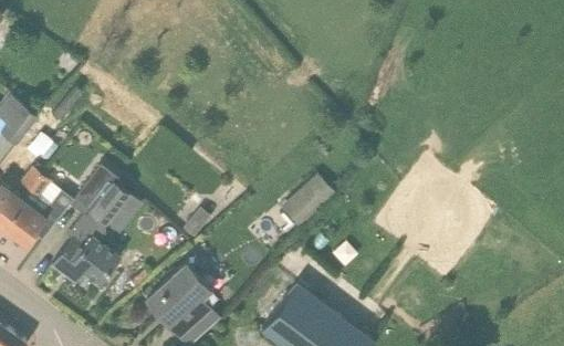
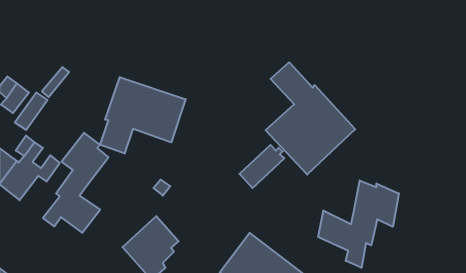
building: none -> [266,62,355,175]
building: none -> [100,77,186,154]
building: none -> [318,180,399,268]

